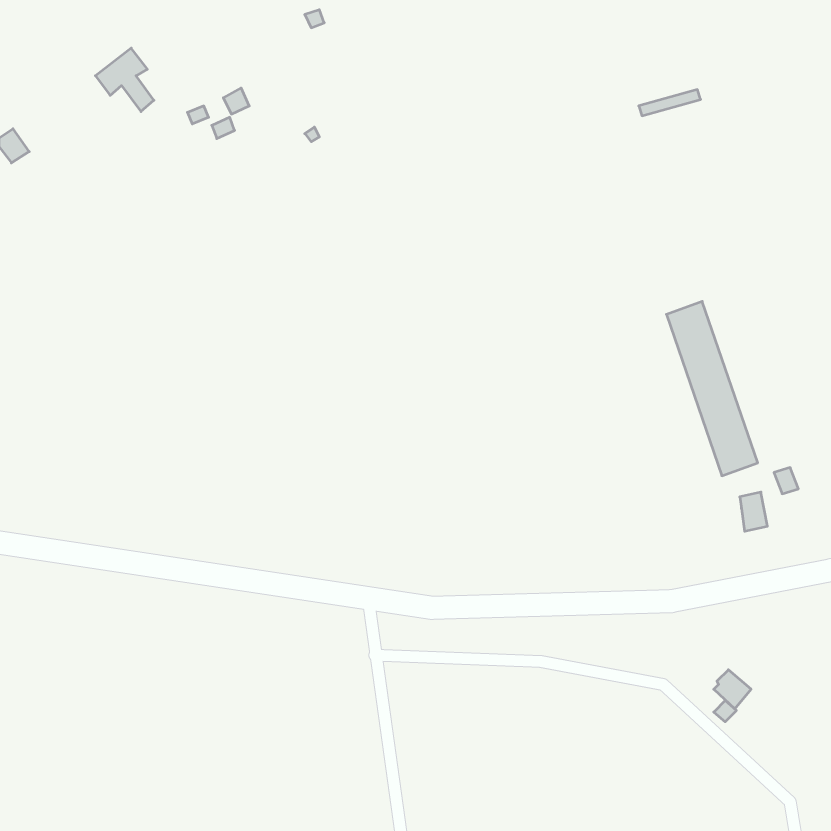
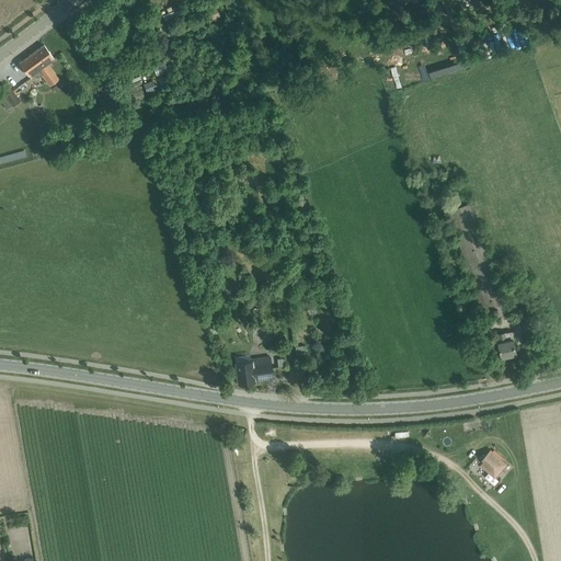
building: [95,48,154,112] -> [19,46,58,89]
building: none -> [234,357,272,385]

